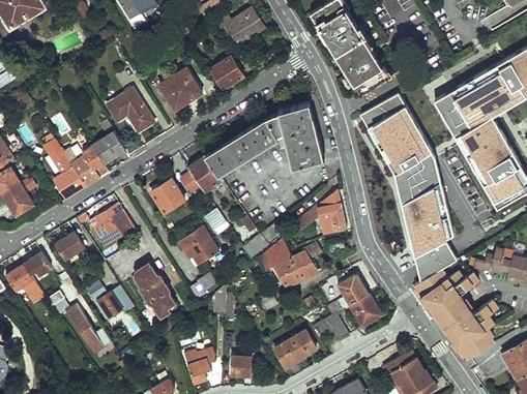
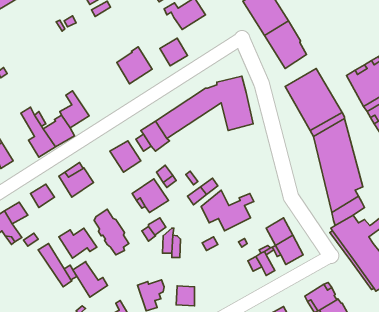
building: [106,89,153,132] -> none
building: [296,188,348,232] -> none
building: none -> [73,261,108,297]
building: [272,328,318,369] -> none

